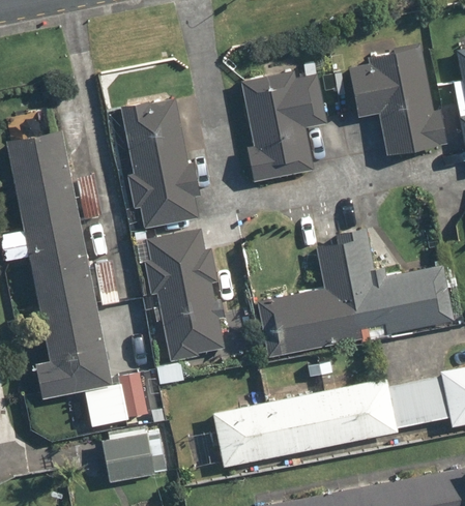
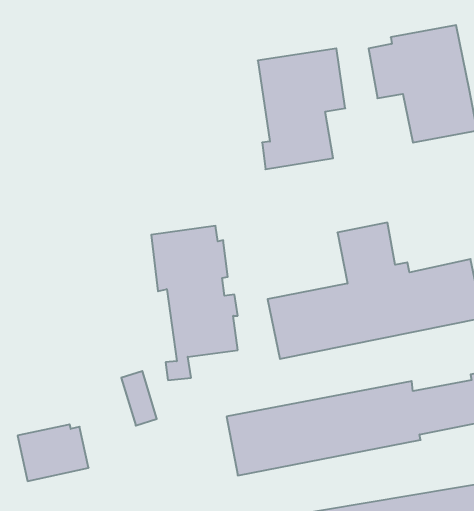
building: [119,100,200,231] -> none
building: [8,130,119,399] -> none
building: [101,430,168,483] -> [18,424,89,481]

